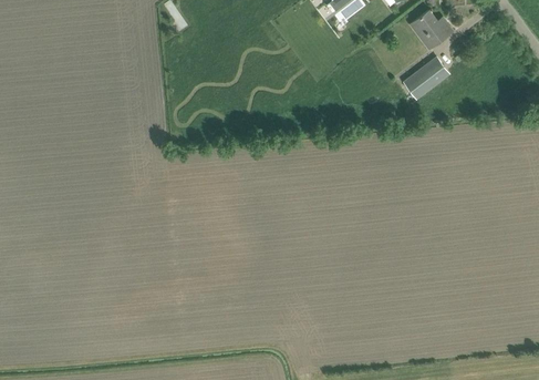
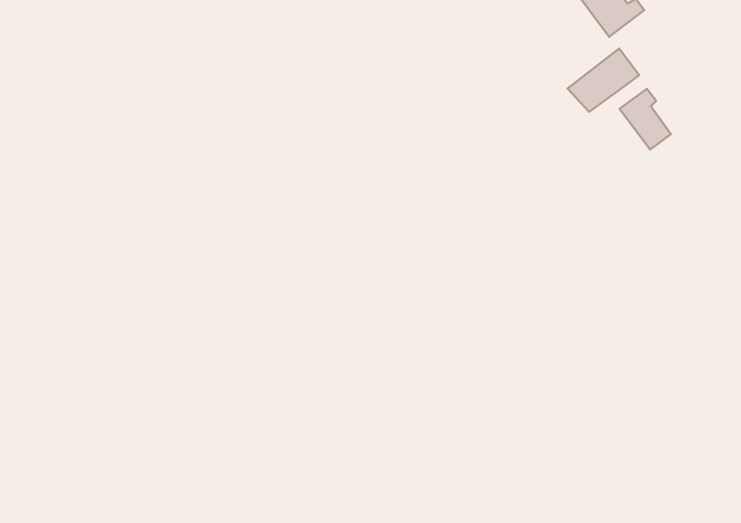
building: none -> [620,89,671,149]

